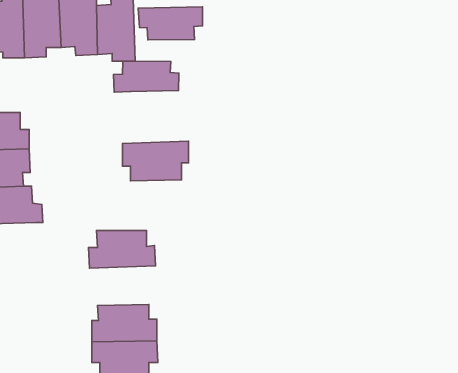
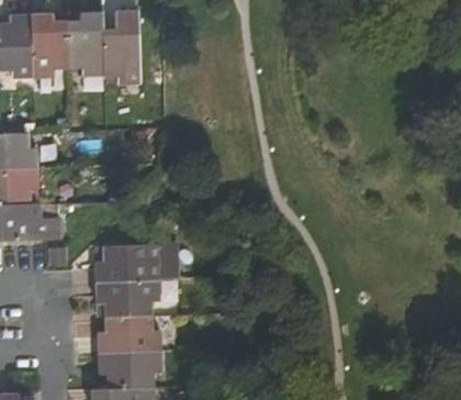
building: [138,7,202,40] -> none
building: [113,61,179,92] -> none
building: [122,141,188,181] -> [95,280,159,319]

